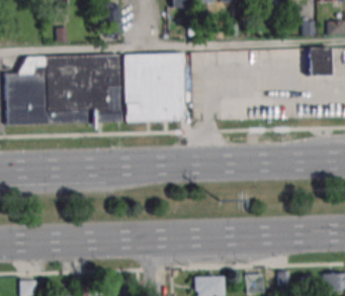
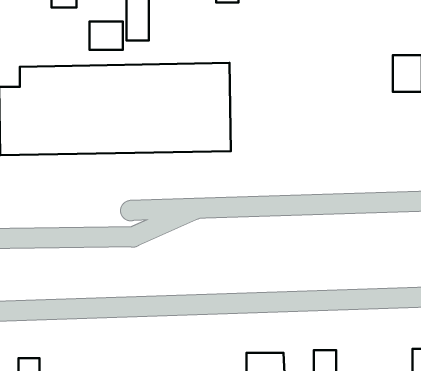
building: none -> [90,22,123,50]

